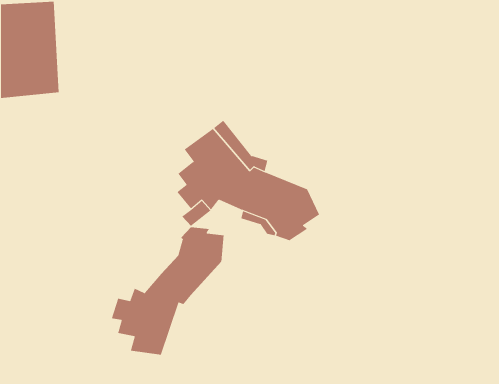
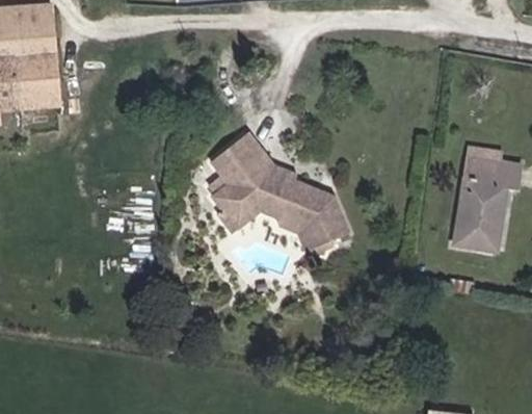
building: none -> [438,138,513,250]
building: [111,227,224,356] -> none

